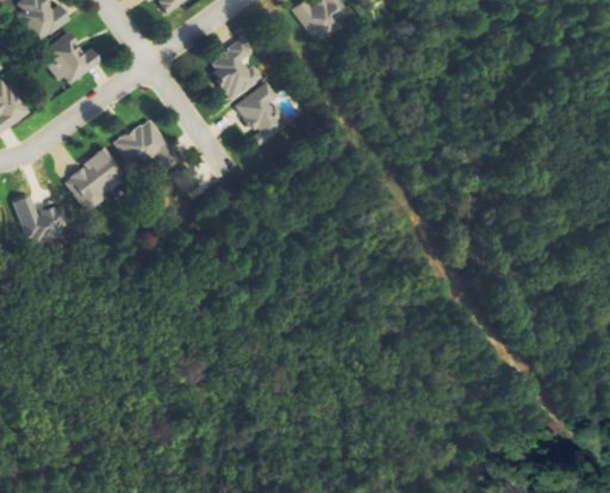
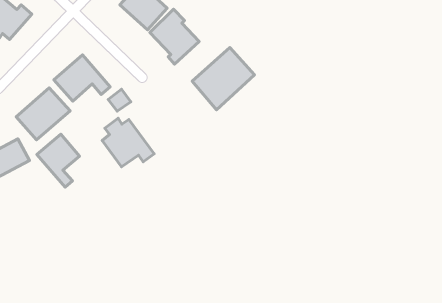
building: none -> [192,48,255,110]
building: none -> [102,118,154,167]
building: none -> [37,134,80,187]

